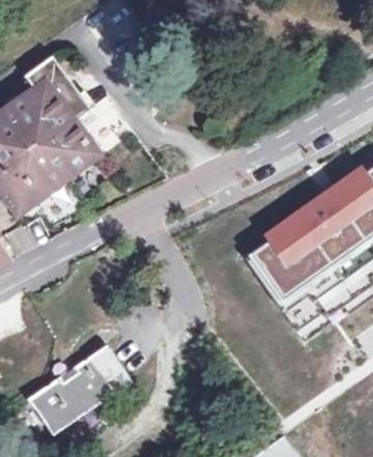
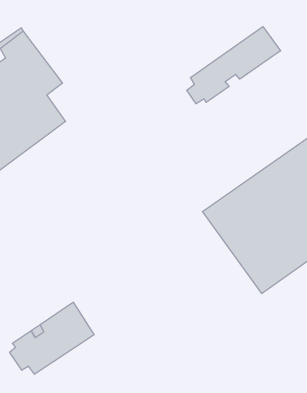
building: none -> [187,27,281,104]

